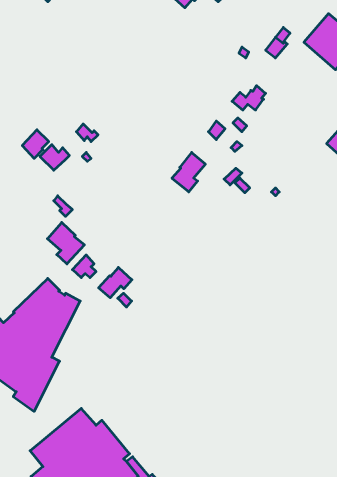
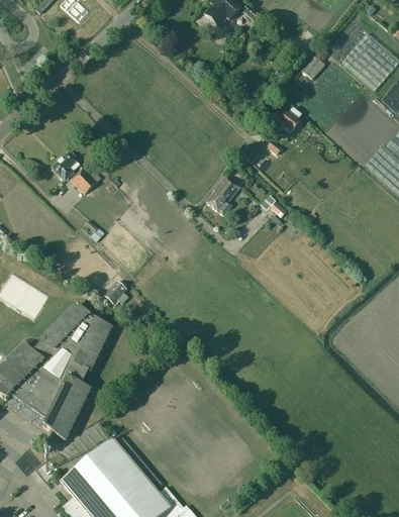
building: [47,222,84,264] -> none
building: [99,267,132,298] -> none

